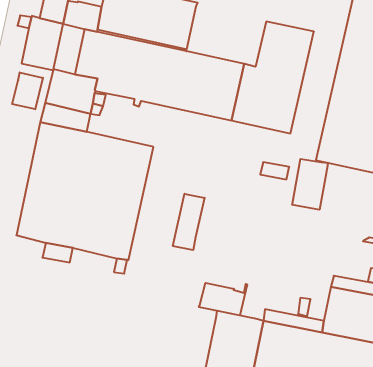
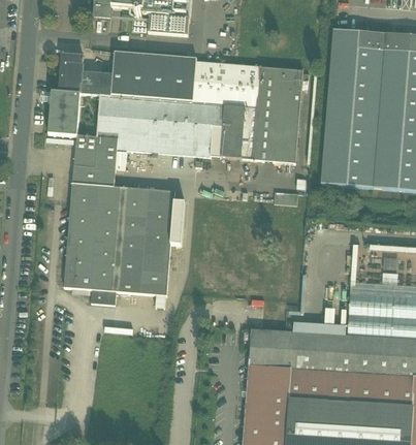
building: none -> [193,61,260,107]
building: [12,72,43,109] -> none
building: [292,159,328,210] -> none
building: [173,194,205,250] -> none
building: [199,283,247,315] -> none

